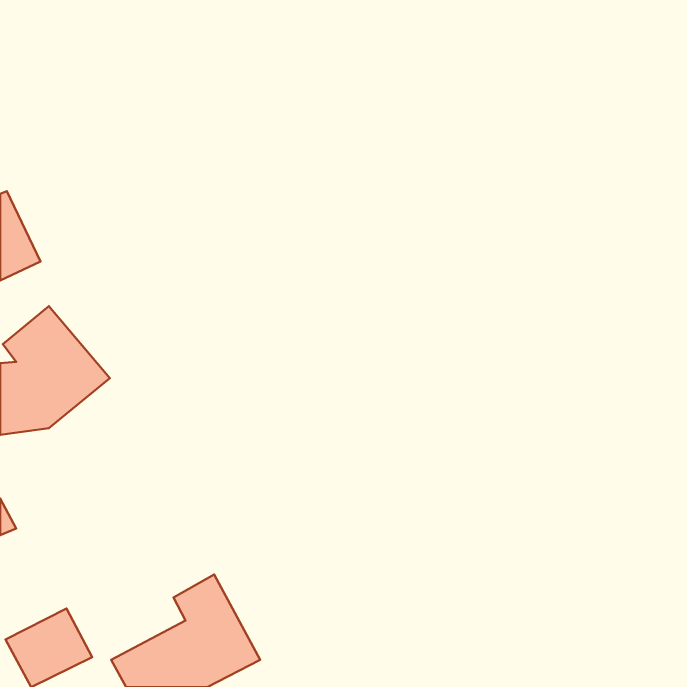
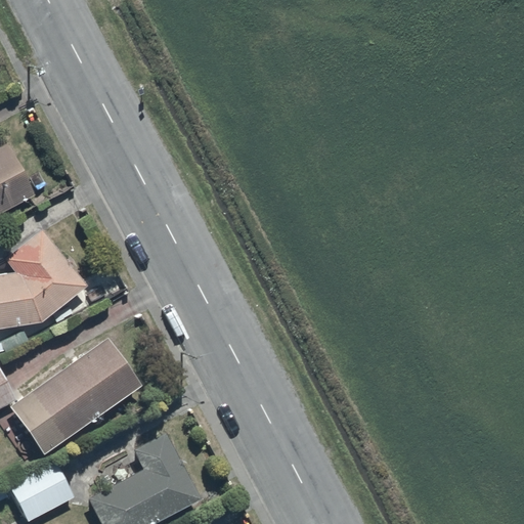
building: none -> [10,339,140,453]

